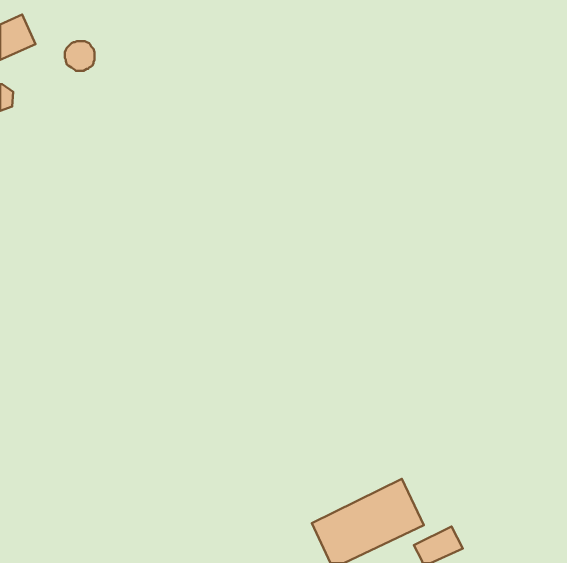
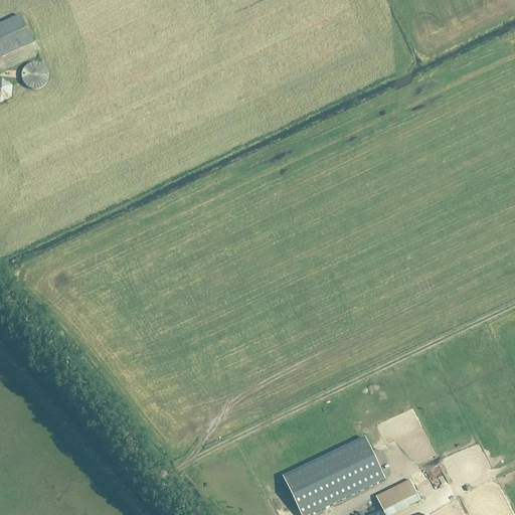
building: [65,41,95,71] -> [21,60,48,88]

